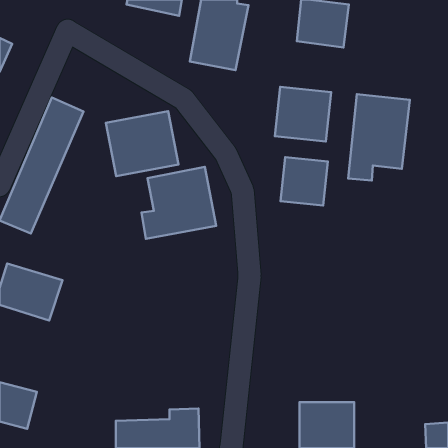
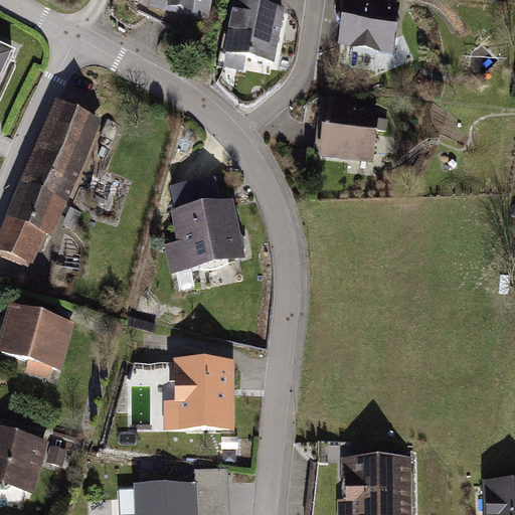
building: [348,94,410,180] -> none
building: [106,111,178,176] -> none
building: [280,157,328,205] -> none
building: none -> [172,355,234,427]

